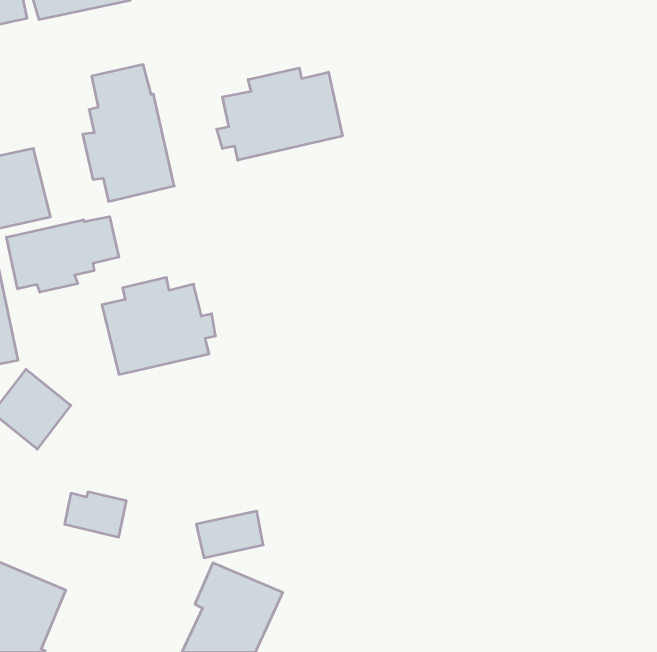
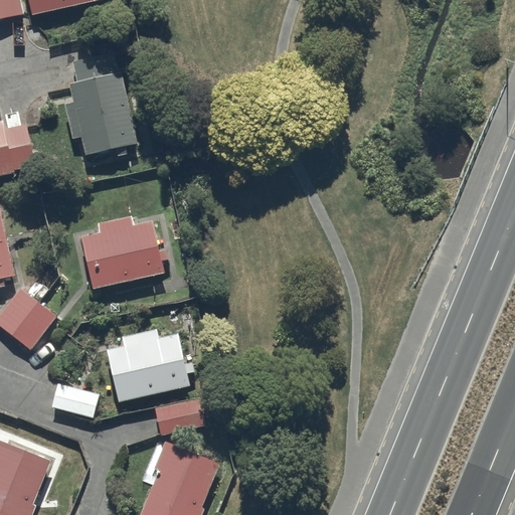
building: [217,68,342,160] -> none
building: [6,217,119,292] -> none
building: none -> [105,329,194,405]

